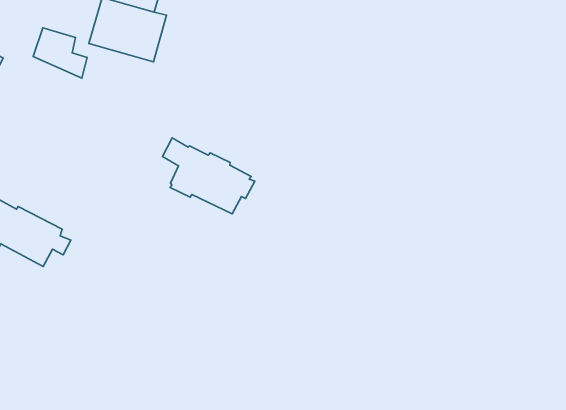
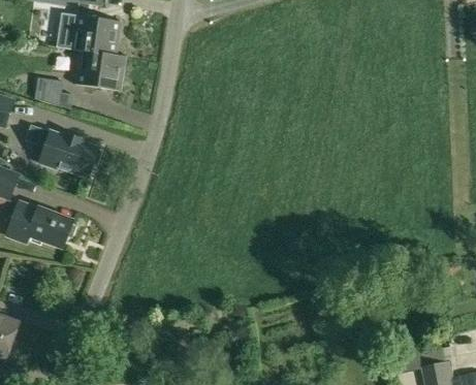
building: [163,138,255,214] -> [30,127,99,177]

